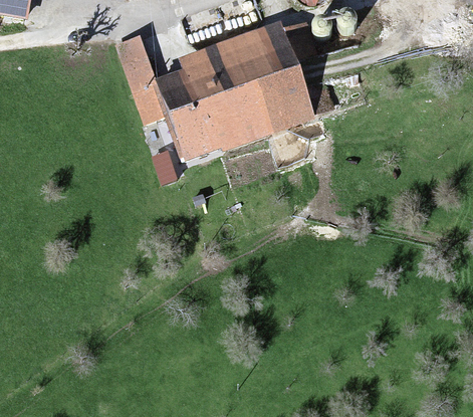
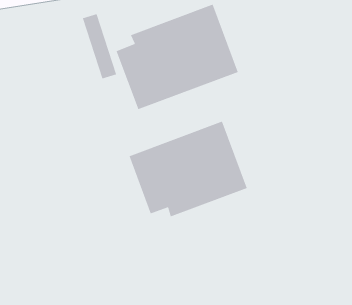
building: none -> [128,121,248,217]

